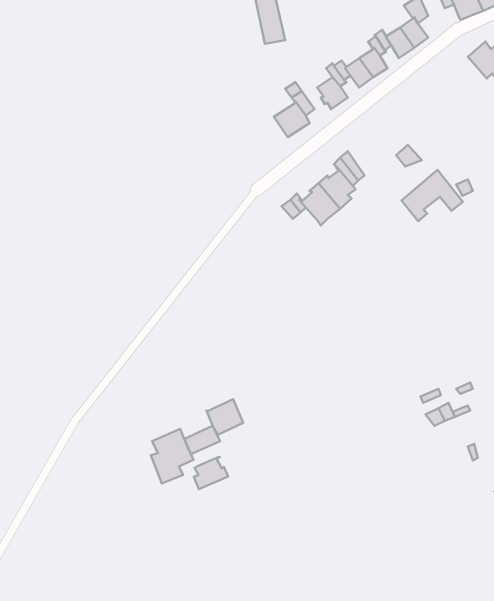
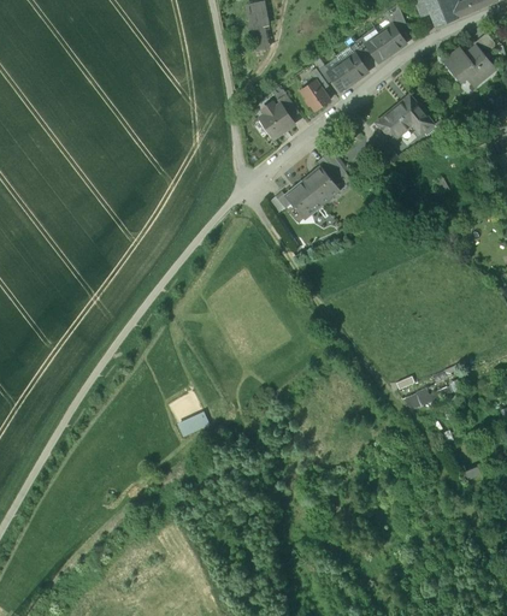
building: [402,170,463,221] -> [376,94,434,142]
building: [206,399,243,435] -> none
building: [151,429,194,483] -> none
building: [194,457,228,489] -> none

